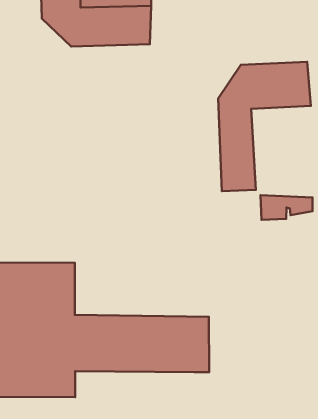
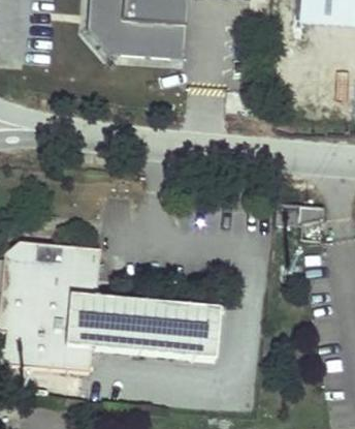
building: [218,62,311,191] -> none

